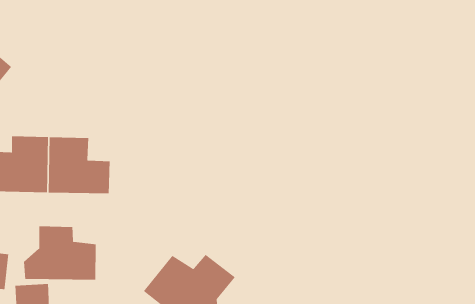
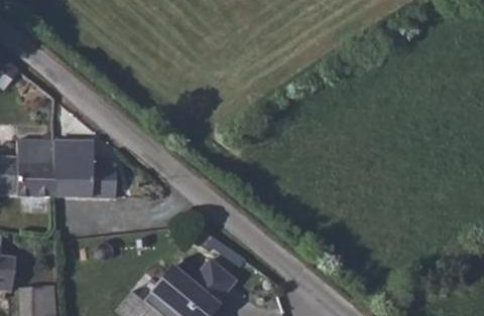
building: [23,225,96,281] -> none

